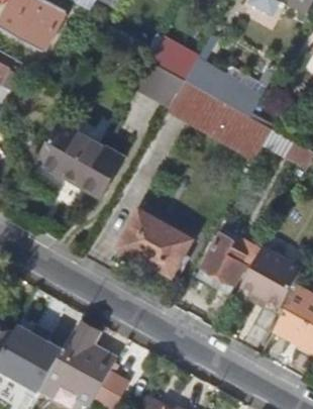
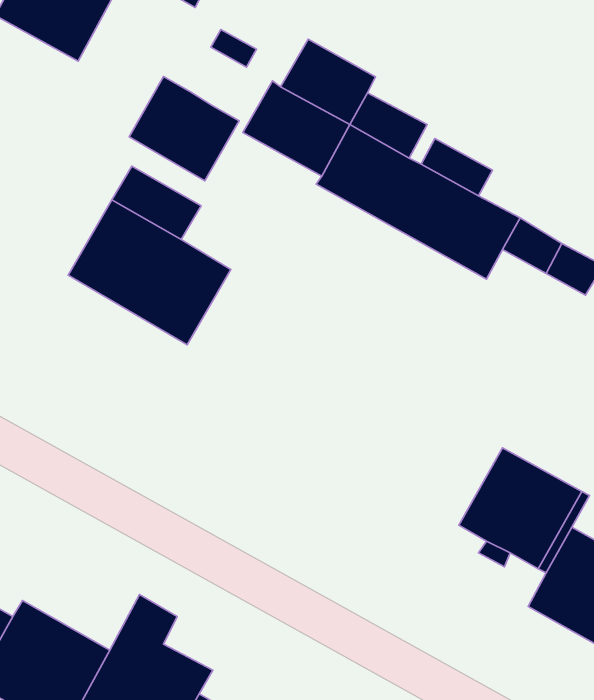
building: none -> [129,76,239,181]
building: [119,210,191,275] -> none
building: [195,228,254,293] -> none

